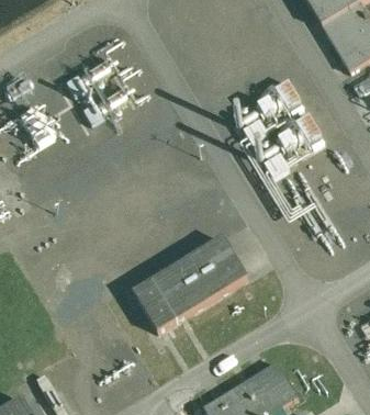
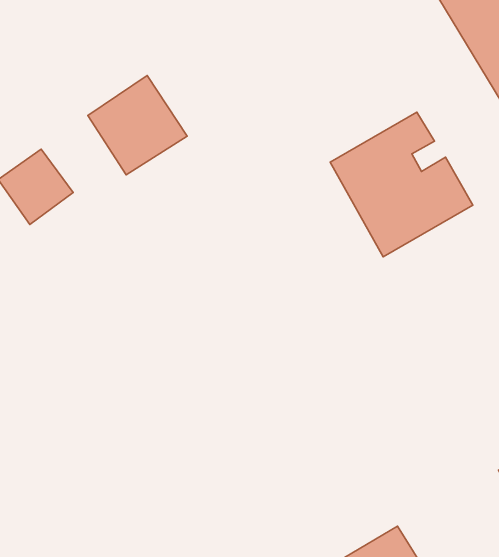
building: [132,236,246,334] -> none

